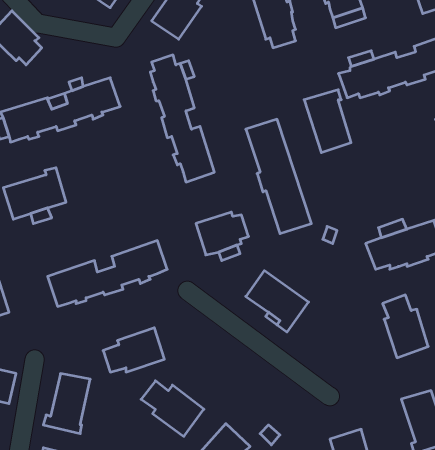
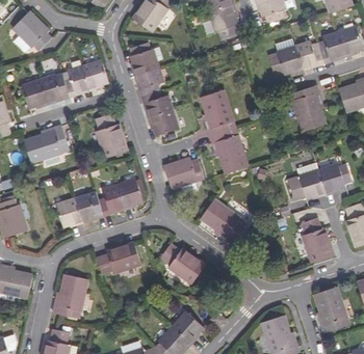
building: [304,90,351,153] -> [291,85,326,131]
building: none -> [96,112,128,158]
building: [141,381,204,436] -> [160,243,206,283]

